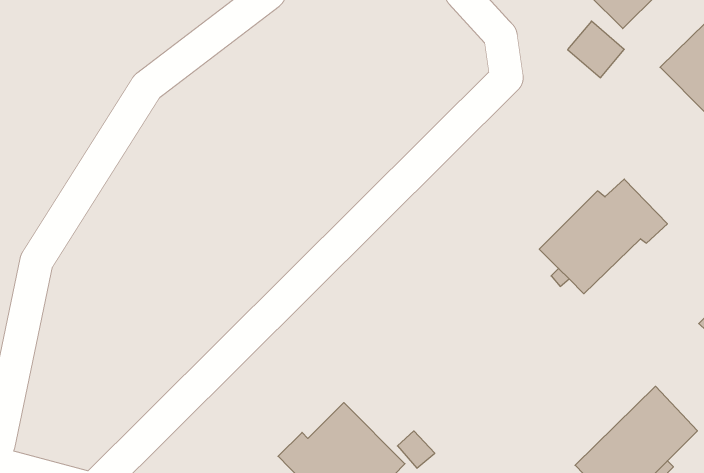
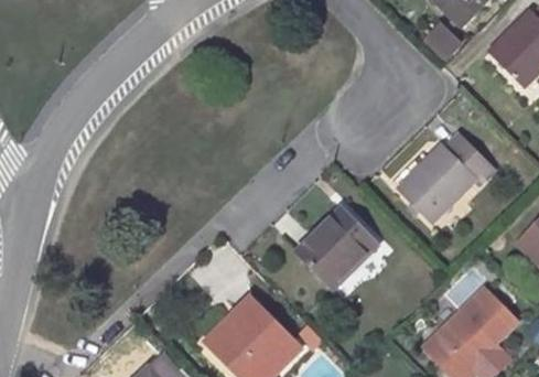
building: none -> [298,208,376,287]

